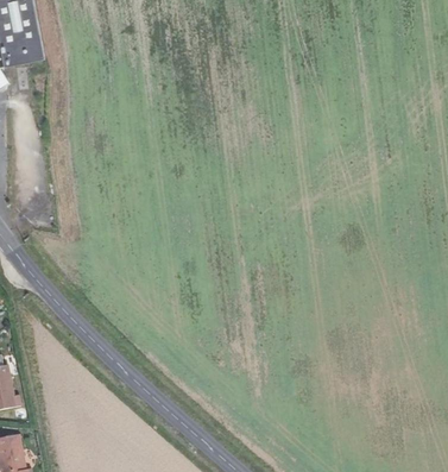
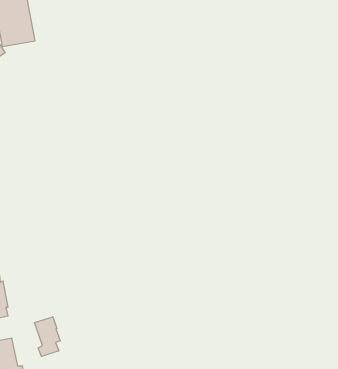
building: none -> [35,317,60,356]

